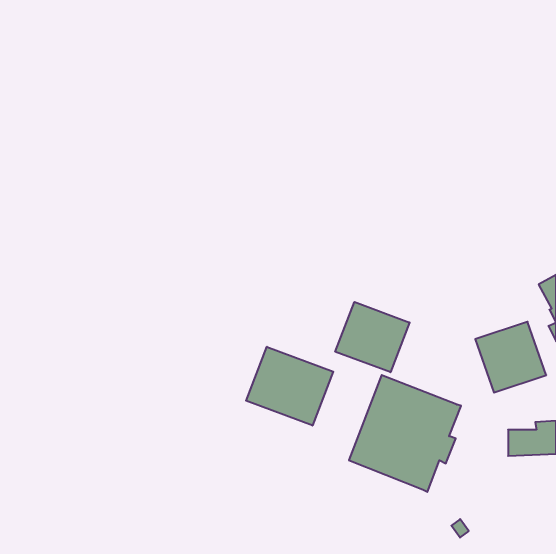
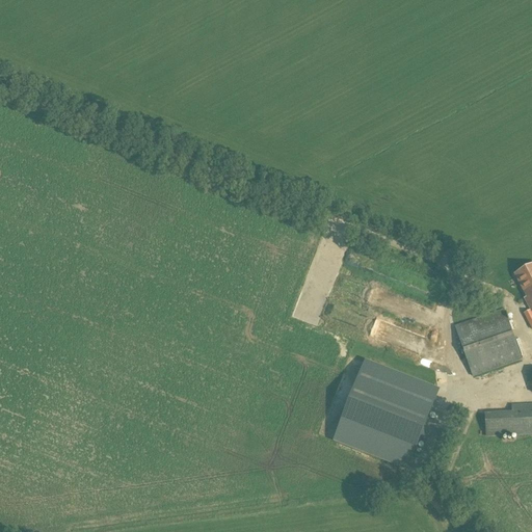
building: [335,302,410,372] -> none
building: [246,347,333,426] -> none

